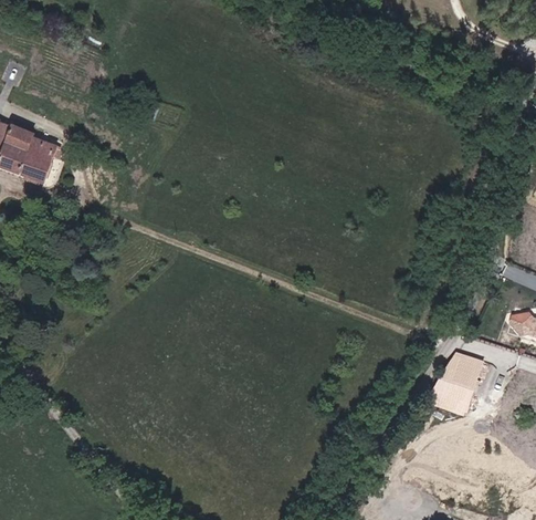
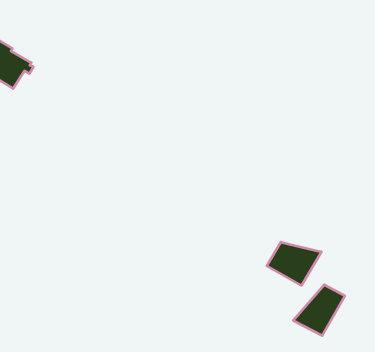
building: none -> [267,242,321,285]

